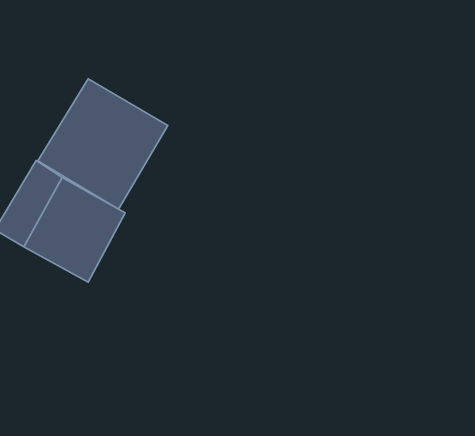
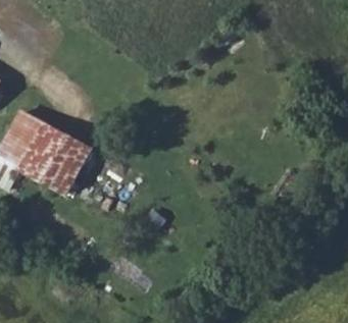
building: [38,79,168,209] -> none

